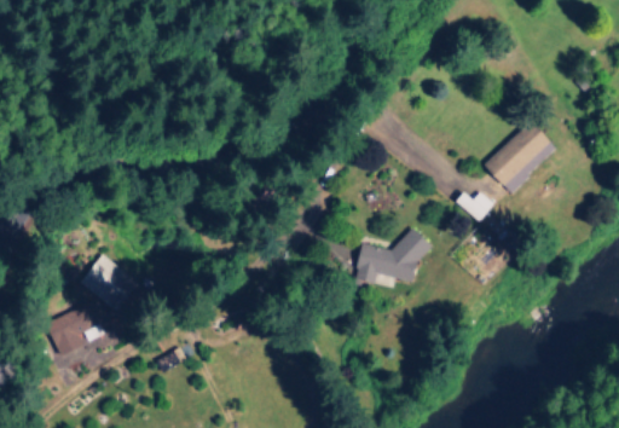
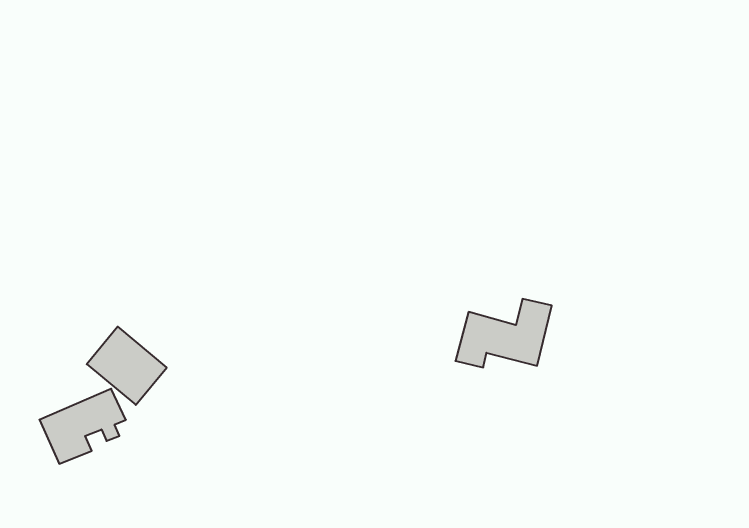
building: [484,121,556,192] -> none
building: [455,191,493,221] -> none

